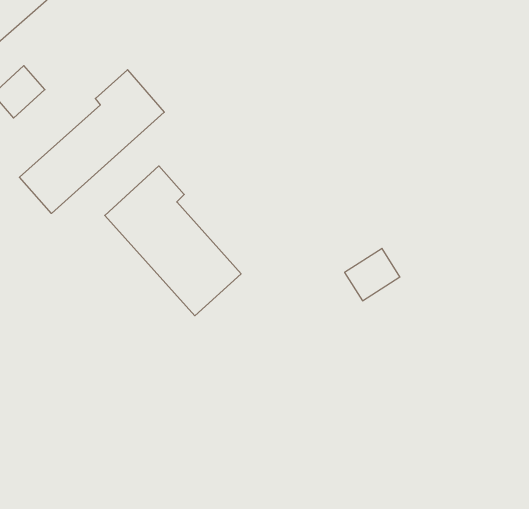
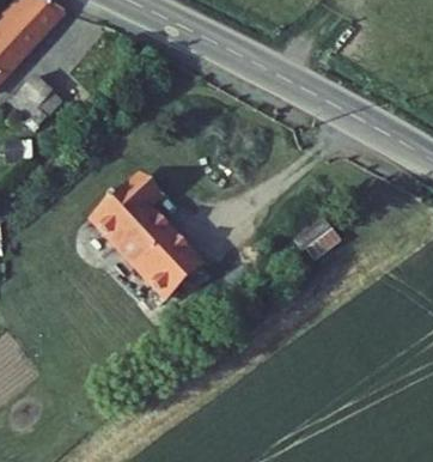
building: [19,70,164,213] -> none

